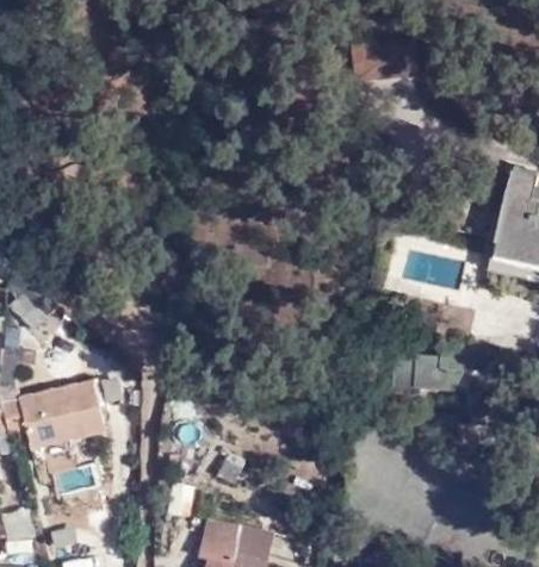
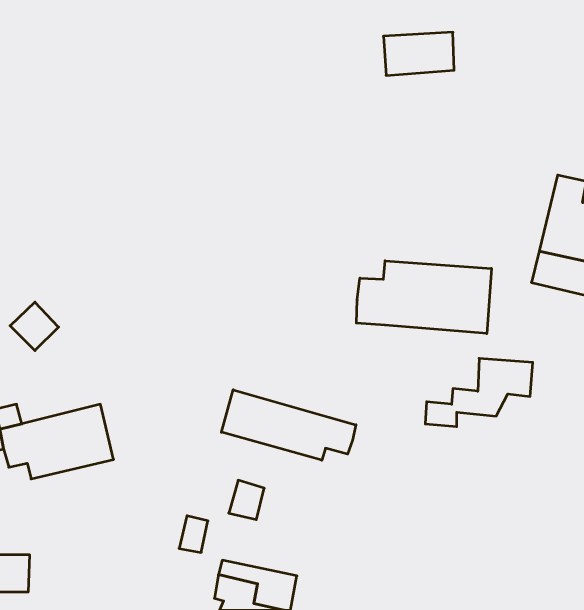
building: none -> [356,261,491,334]
building: none -> [221,390,356,460]

